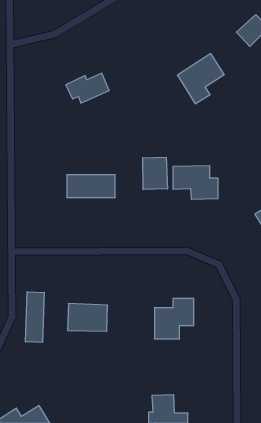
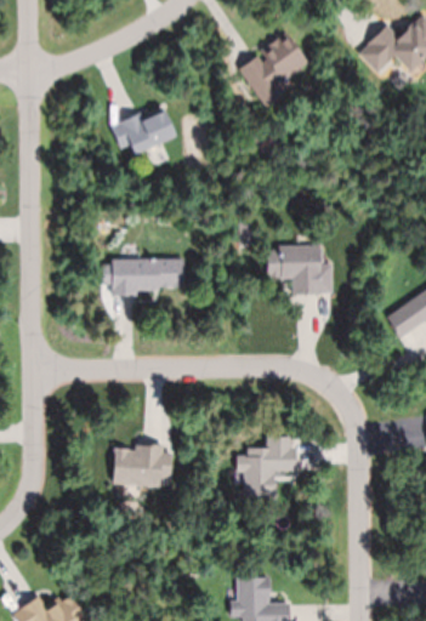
building: [177,54,224,104] -> [238,33,306,106]
building: [143,157,167,190] -> none
building: [26,292,44,342] -> none

